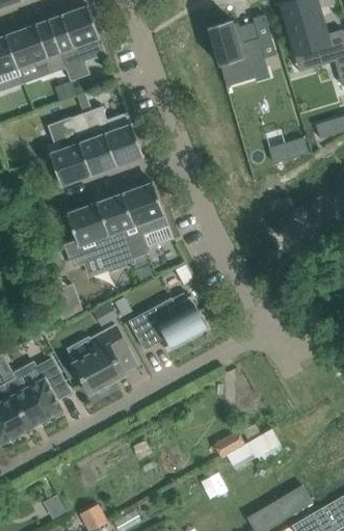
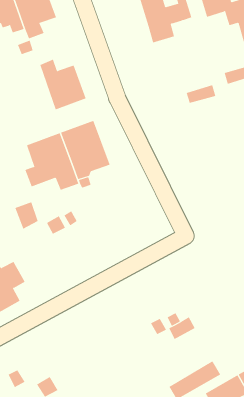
building: [46,113,103,186] -> none
building: [128,296,207,350] -> none
building: [72,326,128,394] -> none

